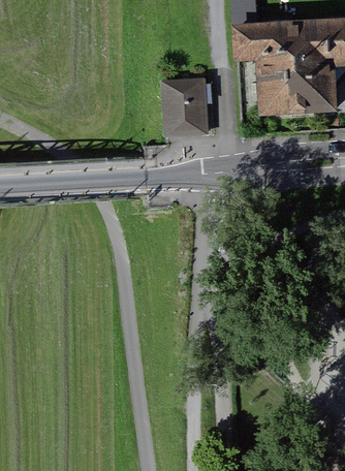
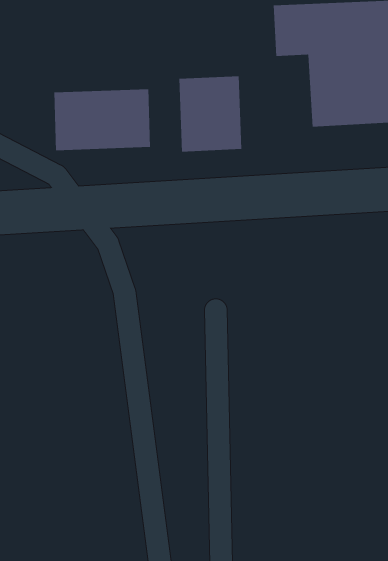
building: none -> [54,88,151,151]

